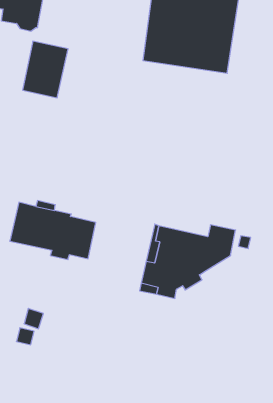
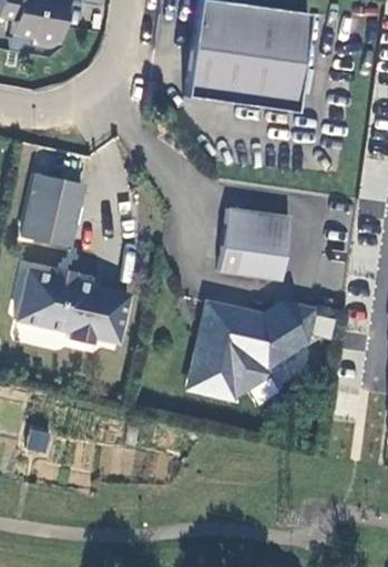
building: [23,41,68,98] -> [23,177,83,251]
building: none -> [218,208,289,279]

